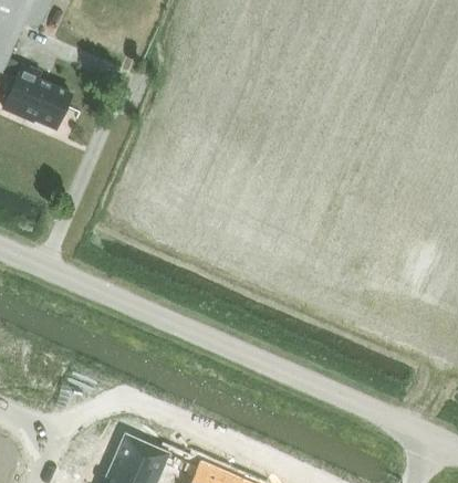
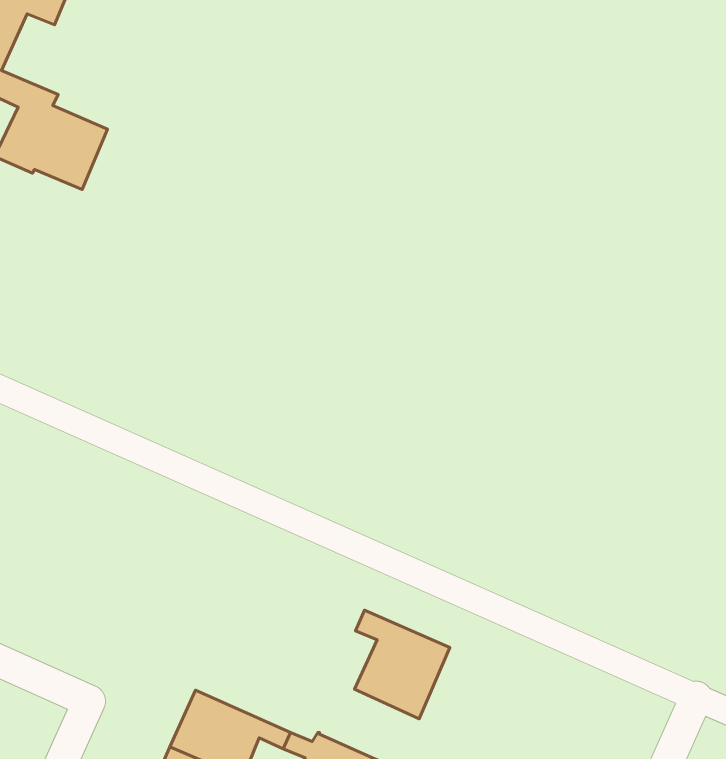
building: none -> [354,610,450,719]

